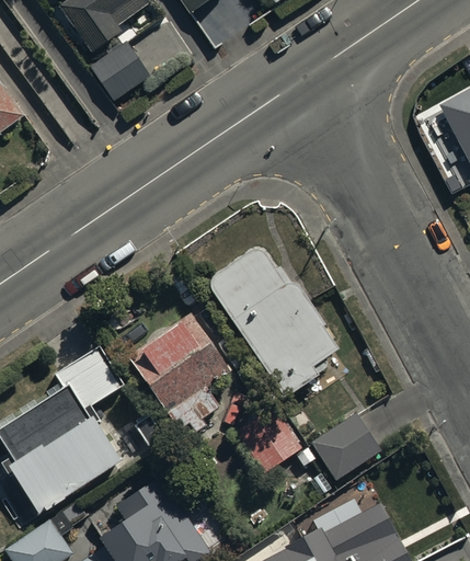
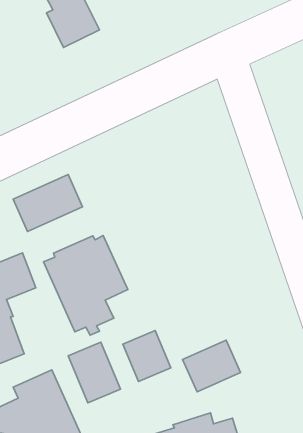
building: none -> [13,175,82,231]
building: [208,249,336,398] -> none
building: none -> [68,342,121,403]

